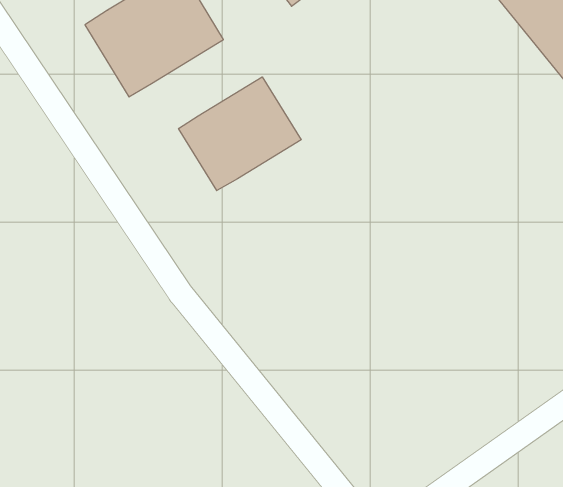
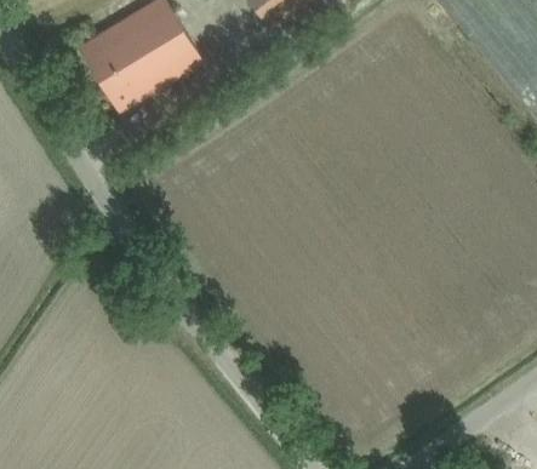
building: [179,77,301,191] -> none

